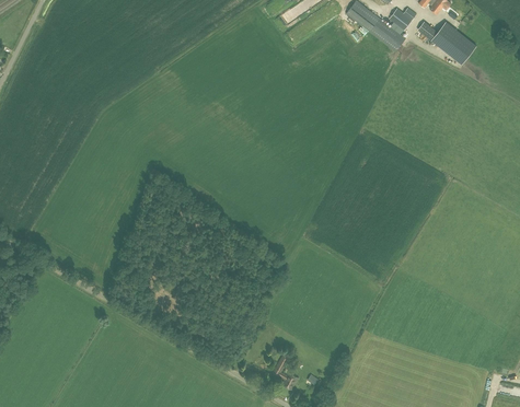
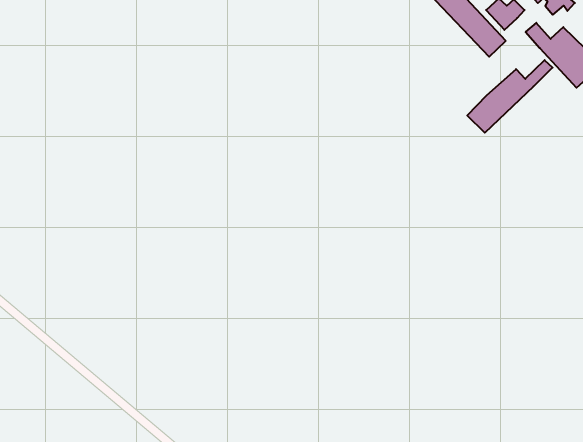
building: none -> [467,60,553,133]

